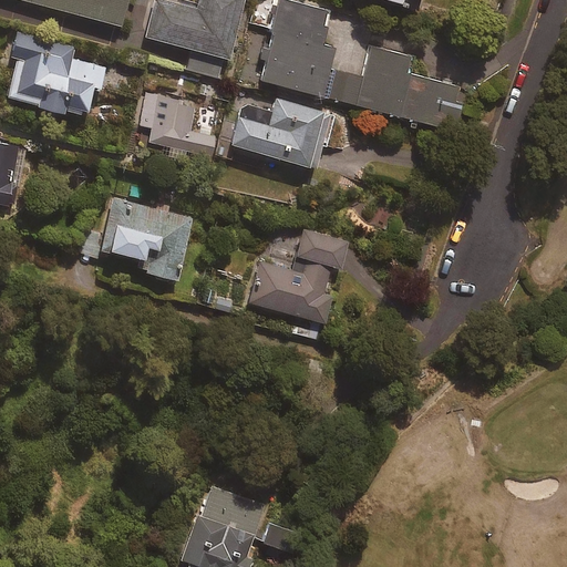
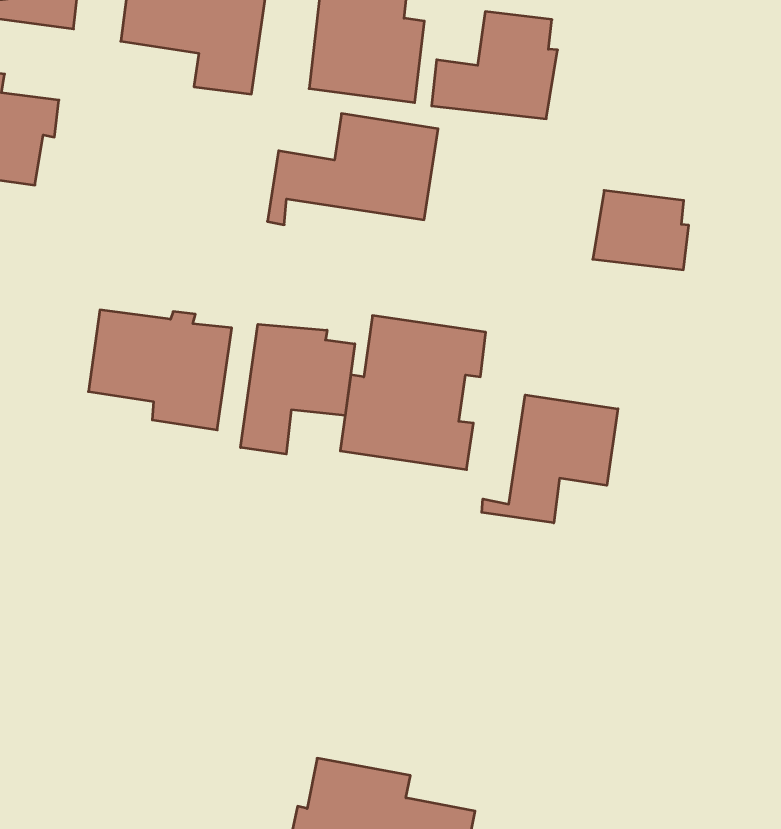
building: [401,75,462,130] -> [593,190,689,270]
building: [142,93,214,157] -> none
building: none -> [241,324,355,454]
building: none -> [482,395,618,523]

